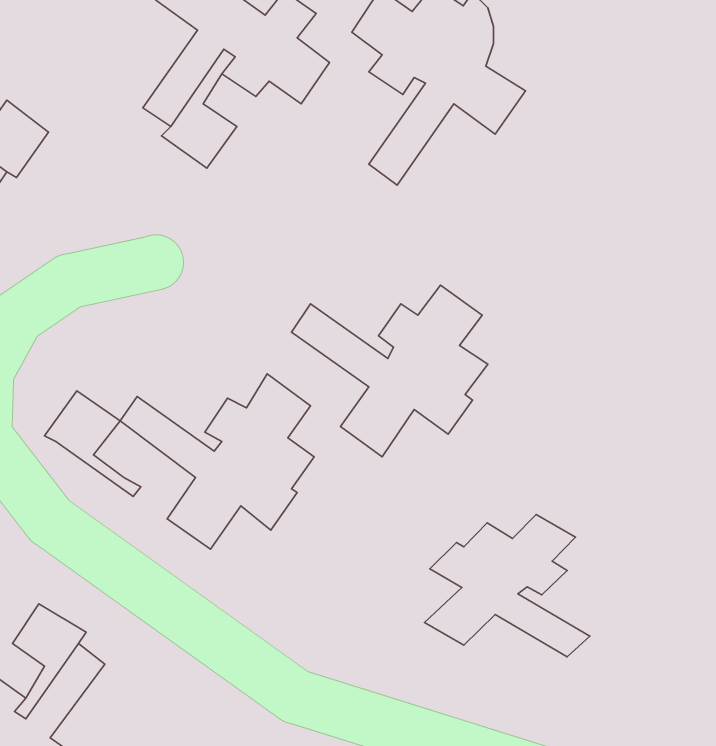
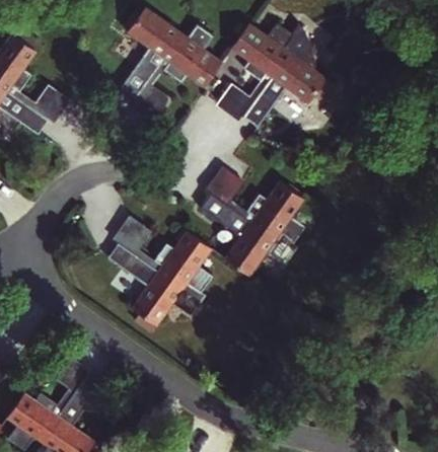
building: none -> [215,72,273,123]
building: none -> [206,167,256,223]
building: [45,391,141,496] -> [112,216,163,273]
building: [424,515,590,657] -> none

